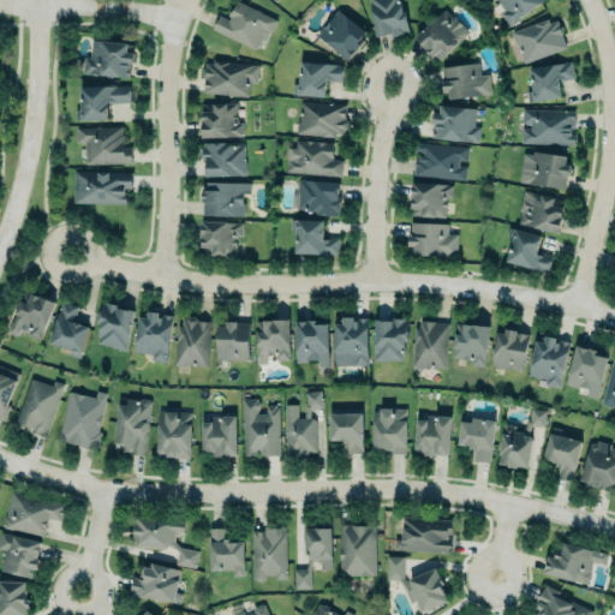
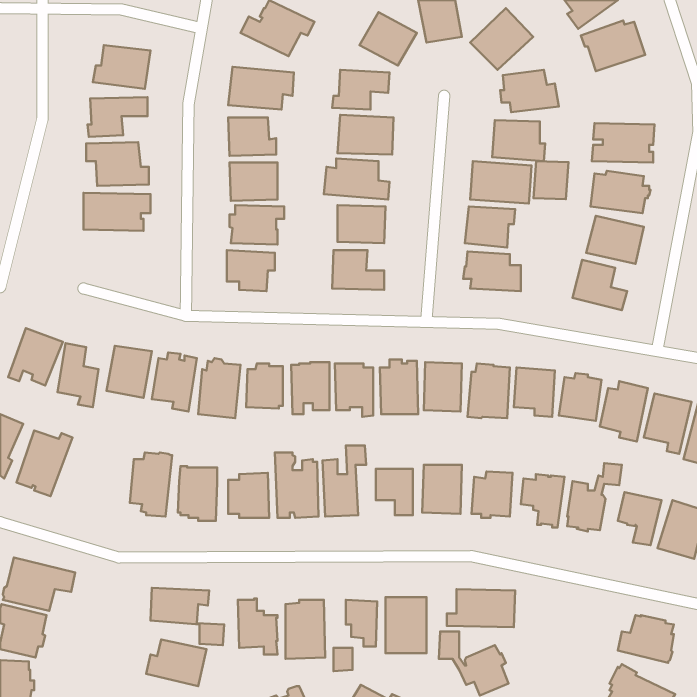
building: [527,61,575,102] -> none
building: none -> [533,161,568,199]
building: [59,390,108,450] -> none

